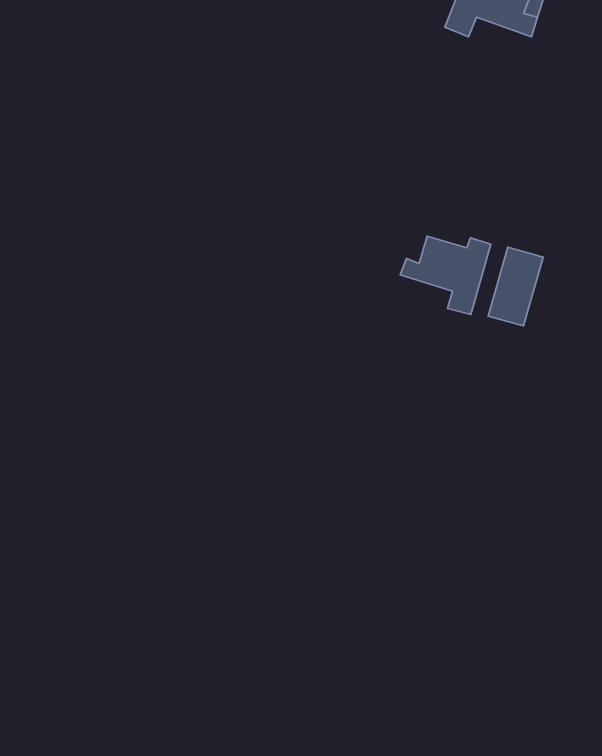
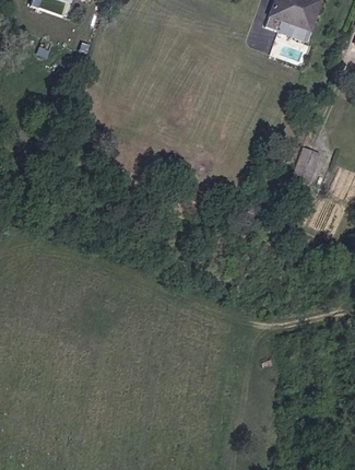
building: [400,236,491,315] -> none

